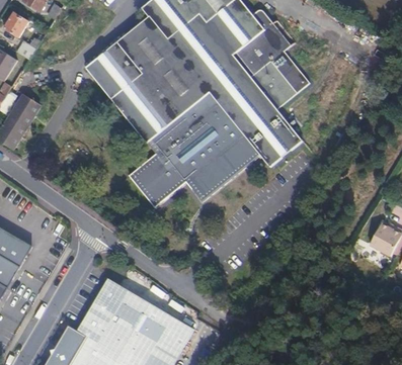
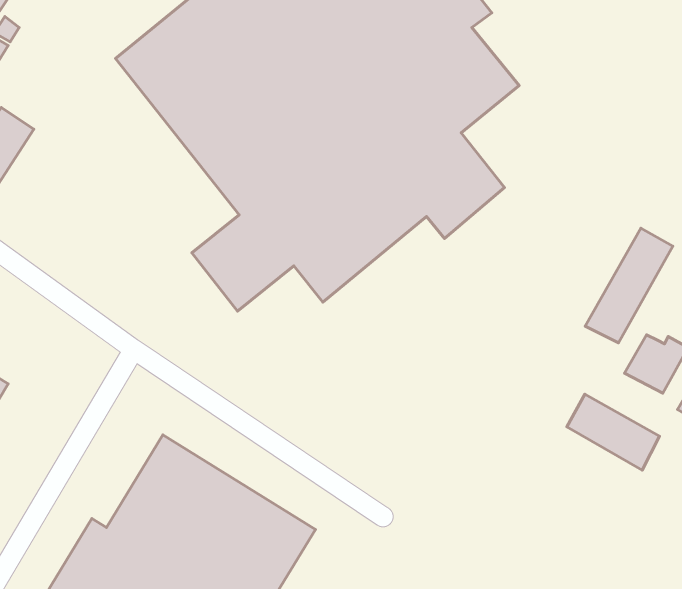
building: none -> [585,228,673,343]
building: none -> [567,394,659,470]

